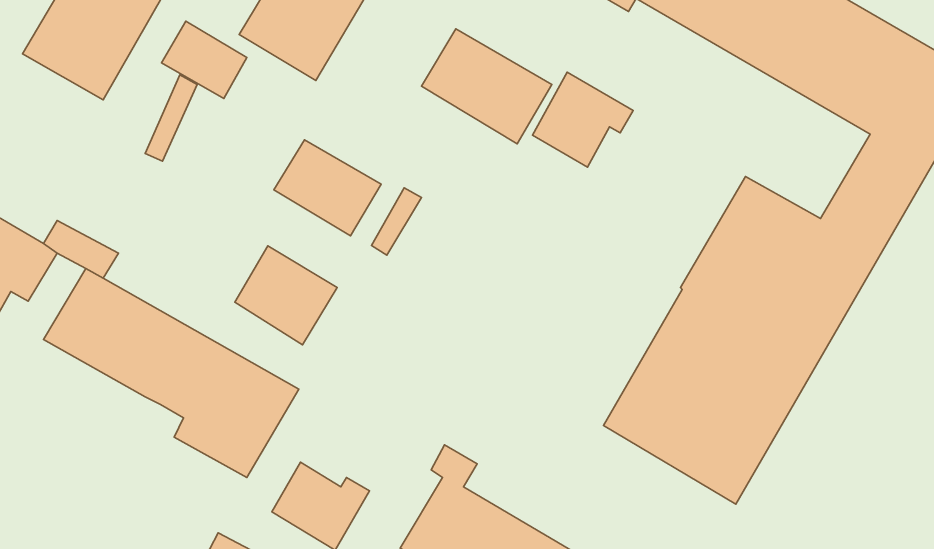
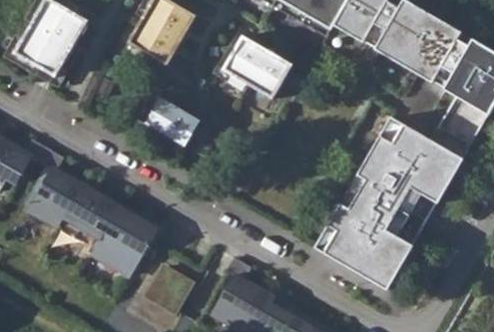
building: [162,21,247,98] -> none
building: [533,72,633,167] -> none
building: [235,246,337,345] -> none

